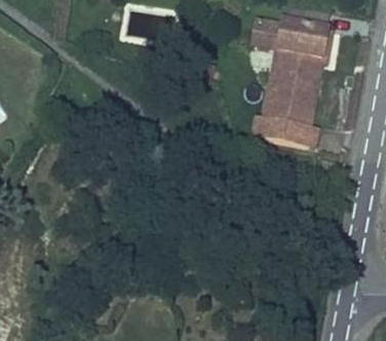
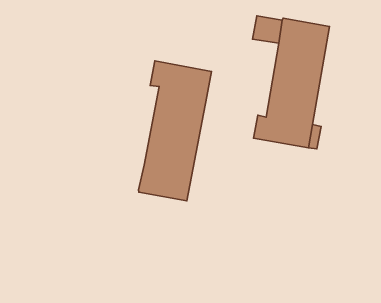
building: none -> [139,61,211,201]

